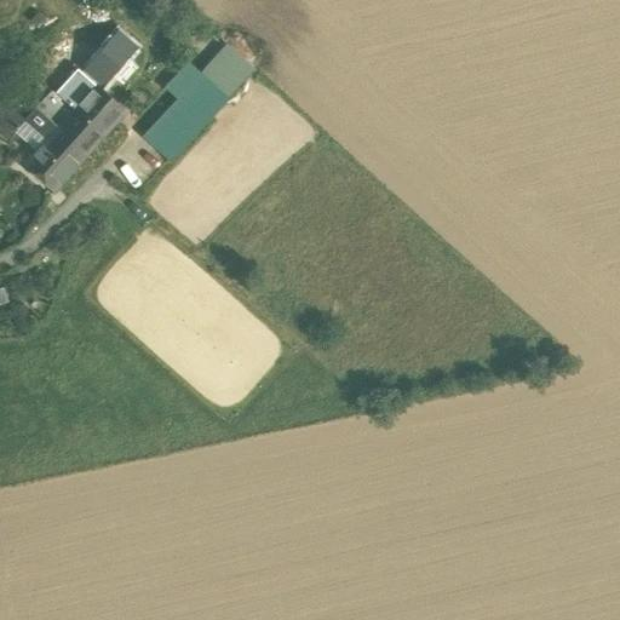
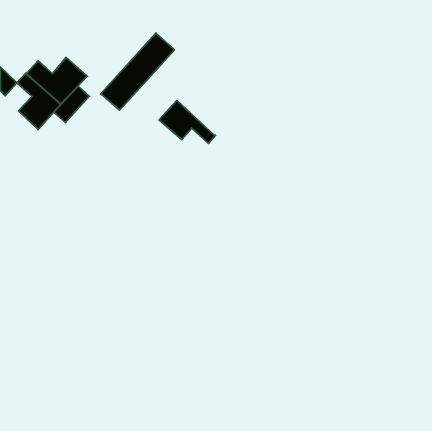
building: [86,30,137,82] -> [54,86,89,122]
building: none -> [159,101,215,143]

